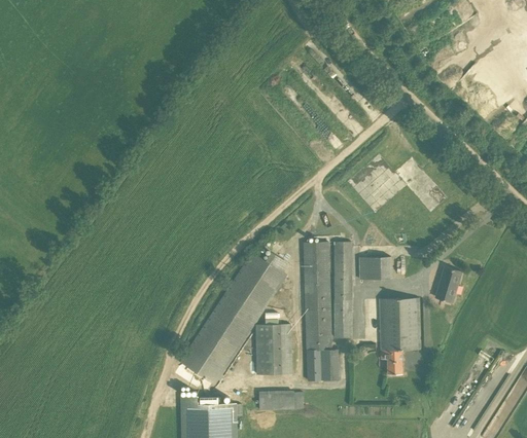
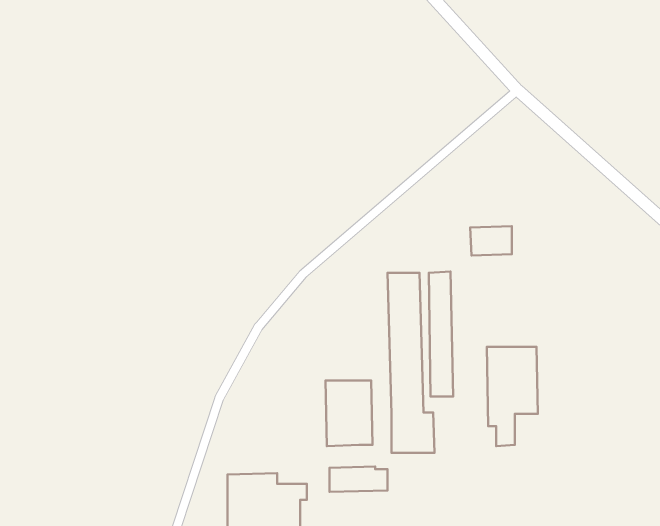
building: [179,252,288,386] -> none
building: [358,257,390,280] -> [470,226,512,256]
building: [435,266,461,303] -> none

